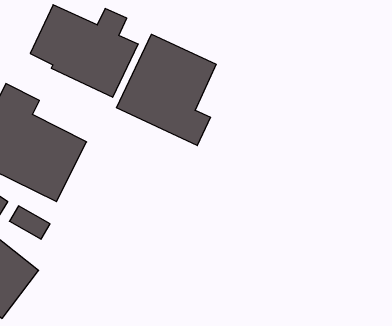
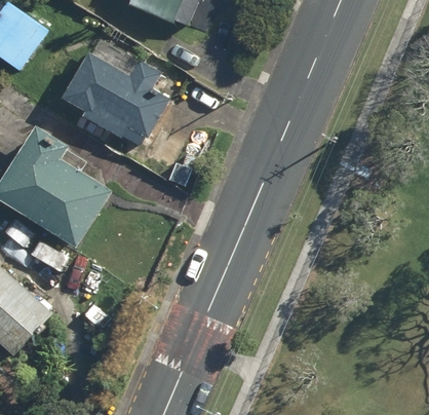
building: [117,34,216,146] -> none

